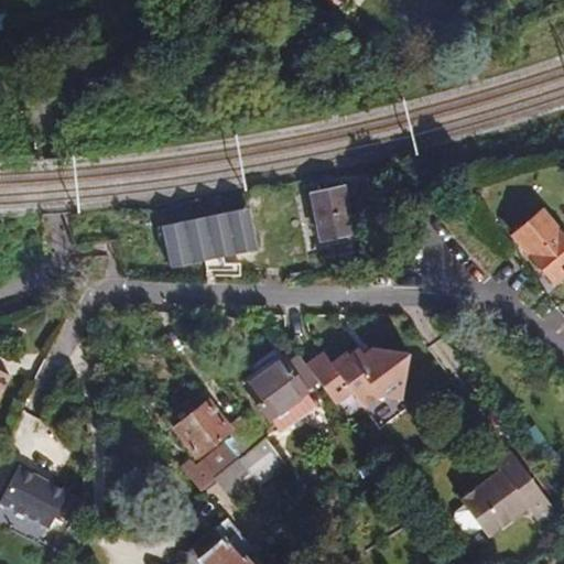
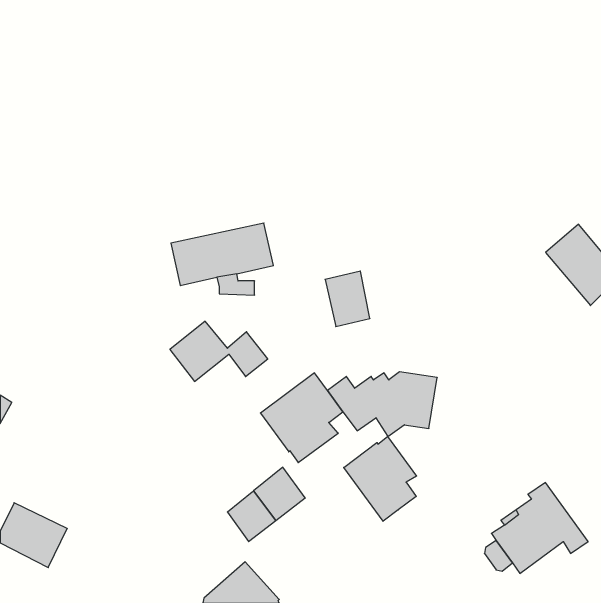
building: [311,187,352,239] -> [325,271,370,327]
building: [174,401,265,457] -> [170,321,268,381]
building: none -> [344,436,417,521]
building: [183,444,237,489] -> none

